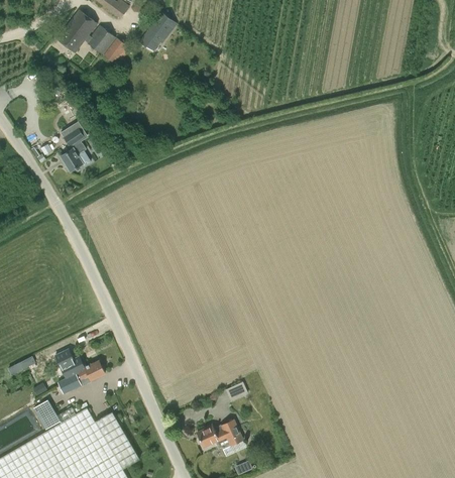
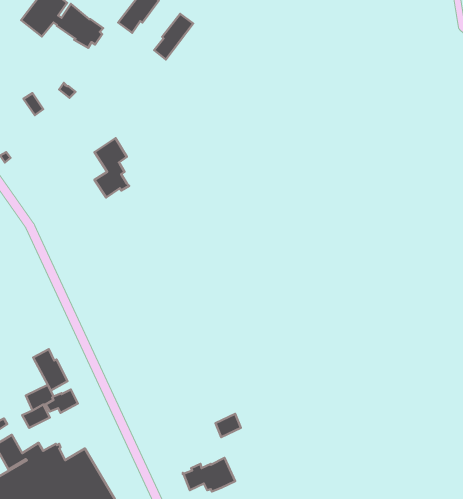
building: none -> [154,14,193,59]
building: [60,121,90,172] -> [95,138,129,197]
building: none -> [33,349,68,390]

